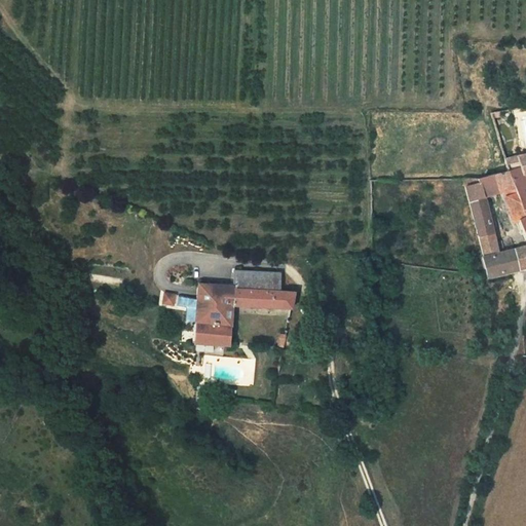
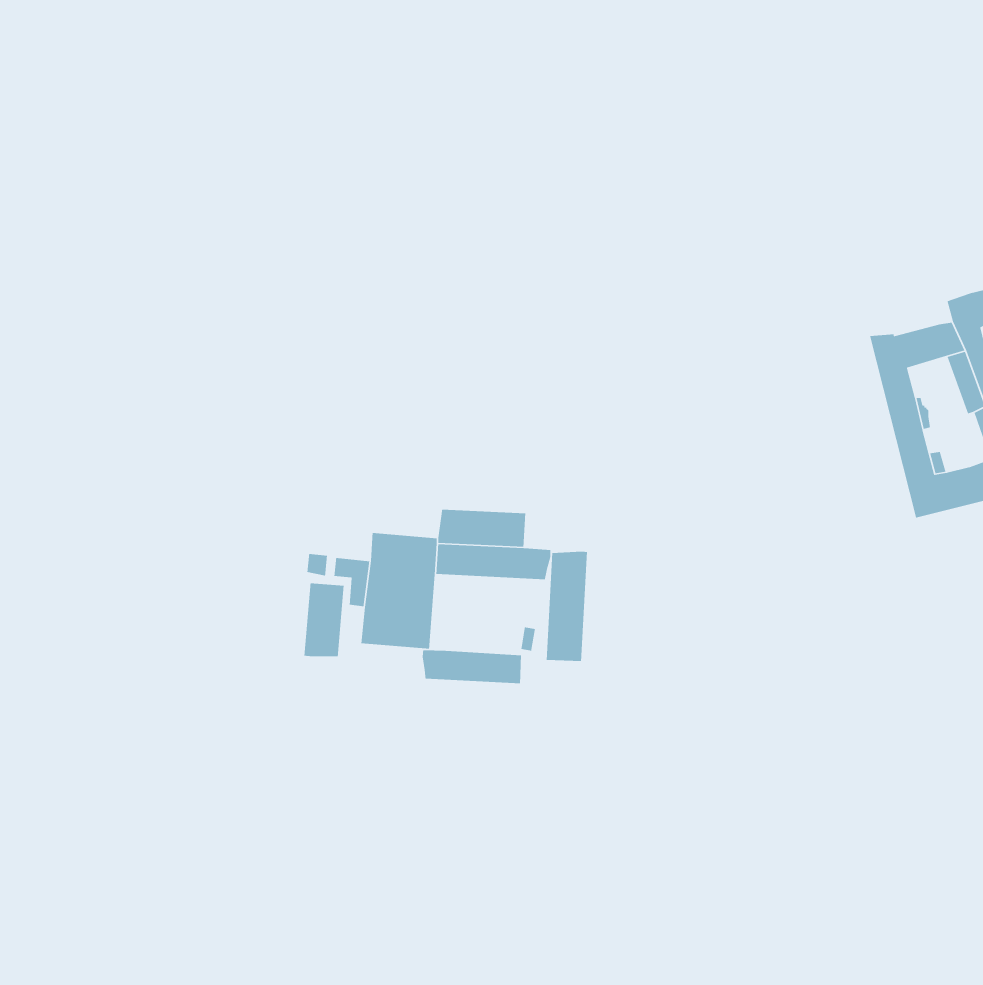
building: none -> [546,551,588,662]
building: none -> [304,582,345,657]
building: none -> [422,649,522,684]

